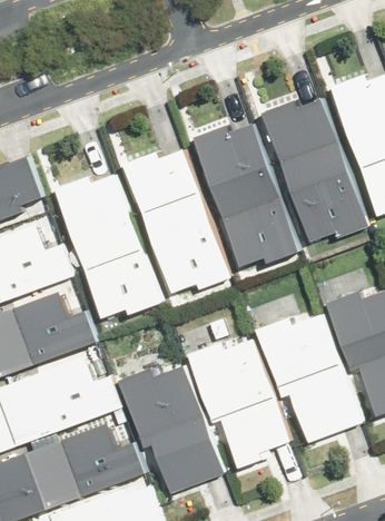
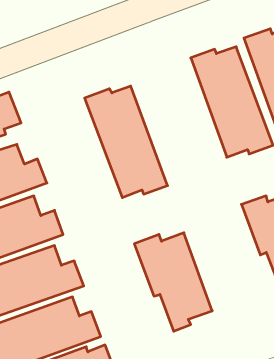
building: [192,124,298,265] -> none
building: [53,175,161,317] -> none
building: [256,315,361,443] -> none
building: [118,365,223,493] -> none

